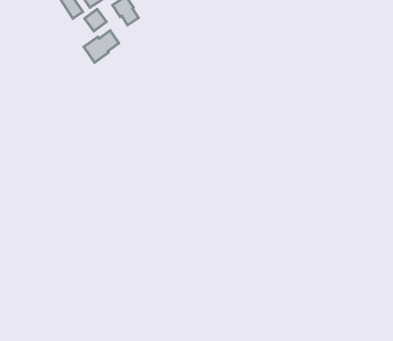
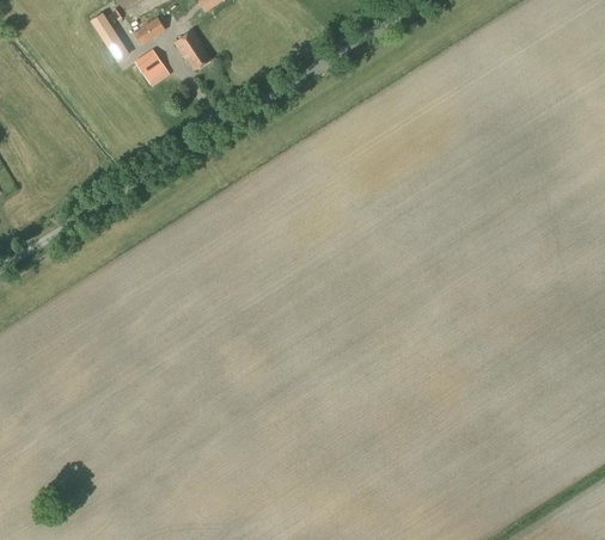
building: [84,30,119,63] -> none

